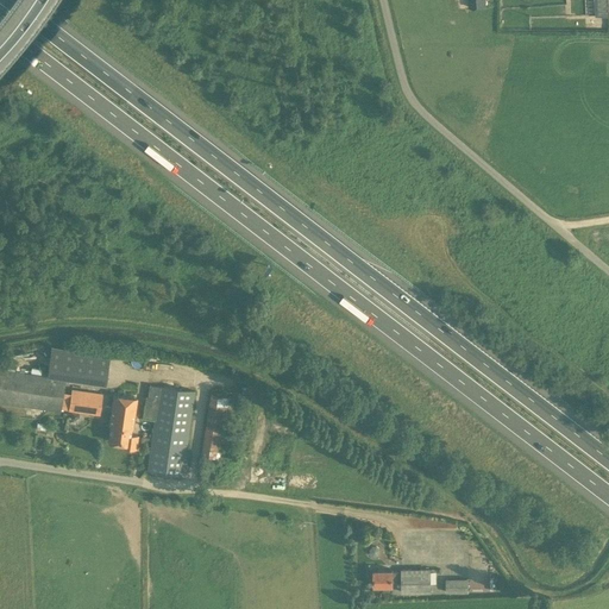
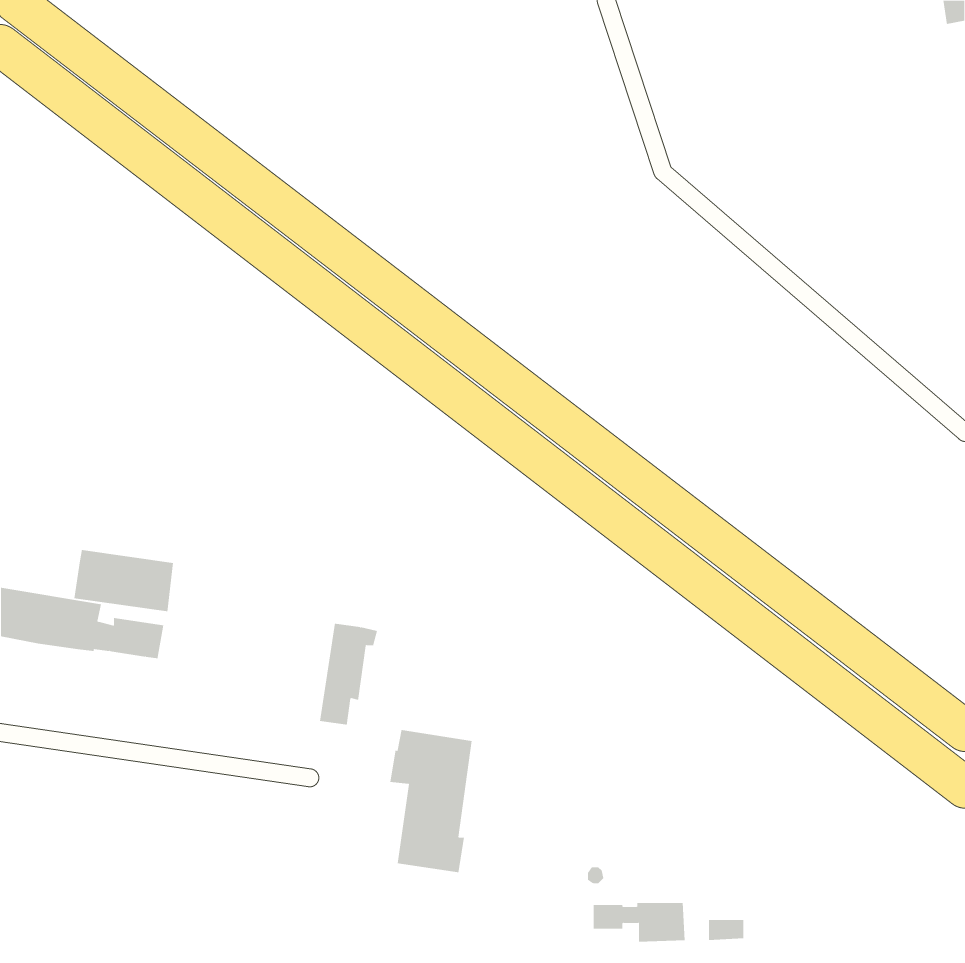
building: [142,385,194,476] -> [389,729,473,873]
building: [107,395,137,450] -> none

